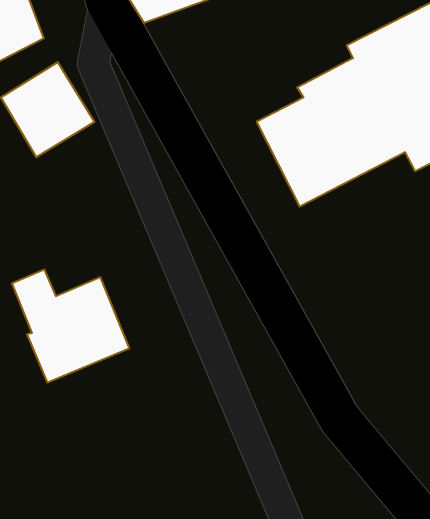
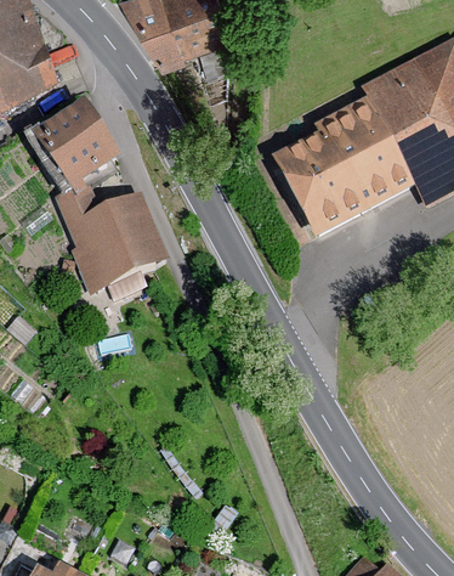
building: [12,270,129,382] -> [55,185,168,293]

